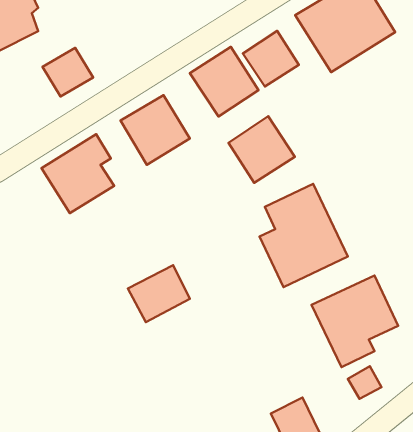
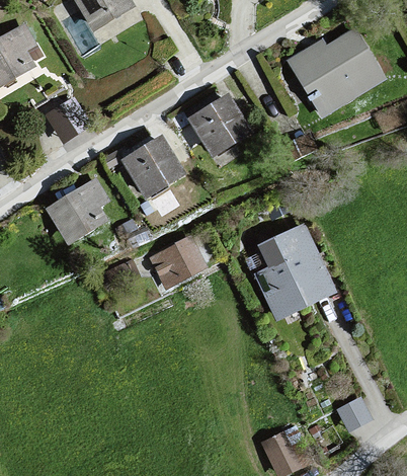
building: [243,31,299,87] -> none
building: [229,116,295,183] -> none
building: [128,265,190,322] -> [149,234,209,289]
building: [312,275,398,367] -> none

